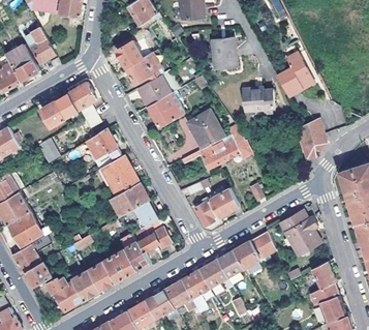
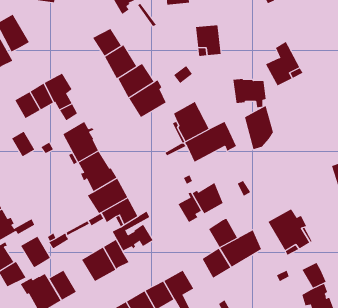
building: [298,118,326,160] -> [244,105,274,150]
building: [199,260,227,288] -> [208,218,238,248]
building: [87,261,116,291] -> [20,236,51,268]

